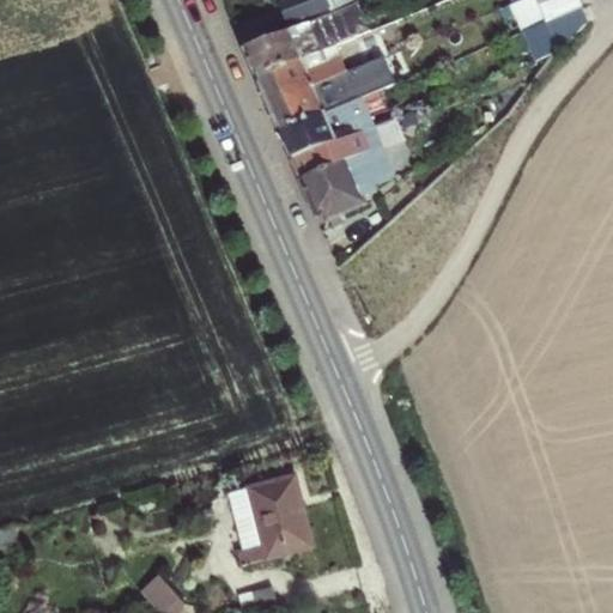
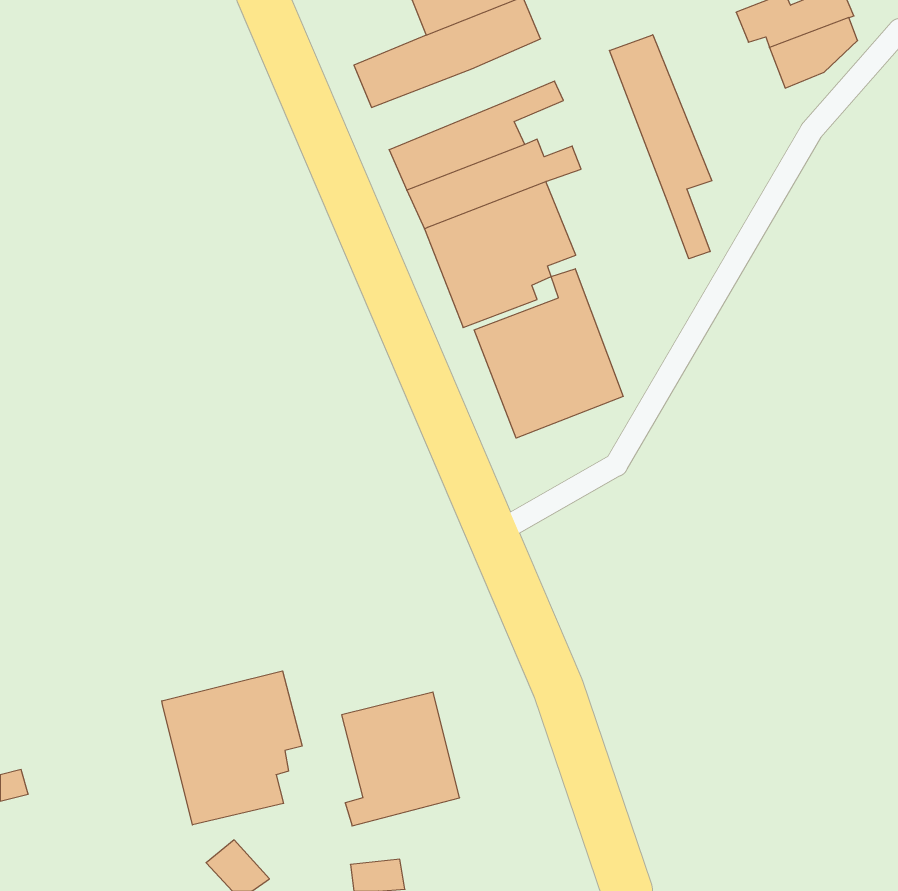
building: none -> [609,35,712,259]
building: [254,47,347,102] -> none
building: none -> [474,269,623,438]
building: none -> [162,671,302,825]

